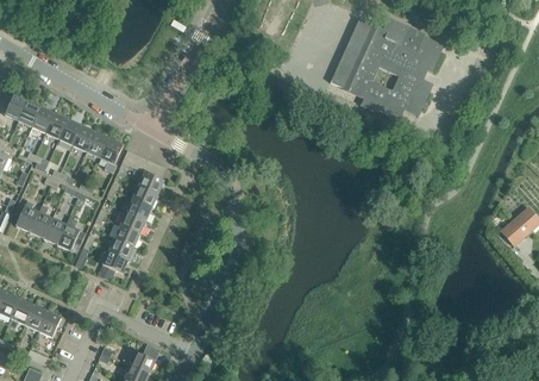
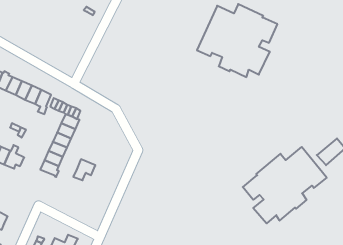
building: none -> [243,147,327,223]
building: [96,250,127,280] -> [73,159,95,180]

